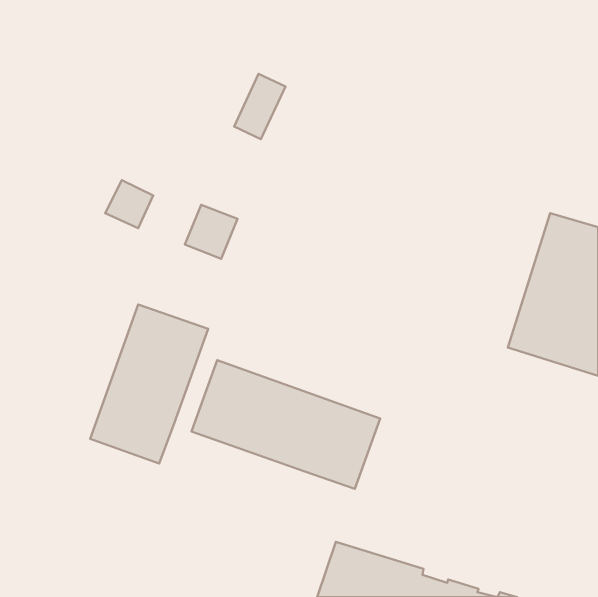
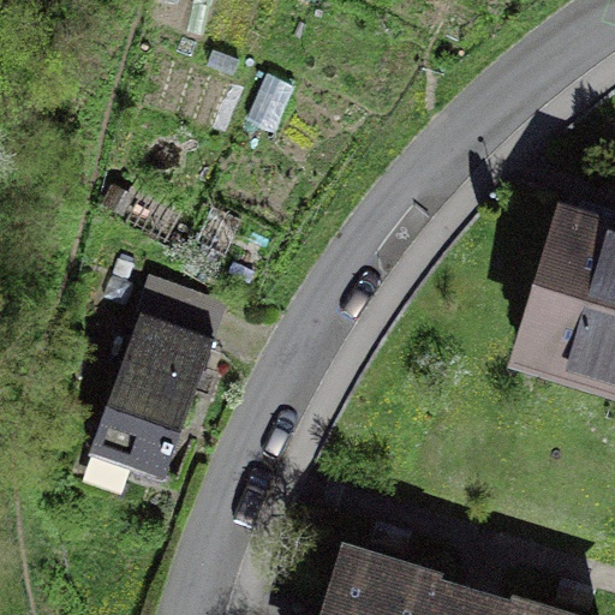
building: [191,360,380,489] -> none

